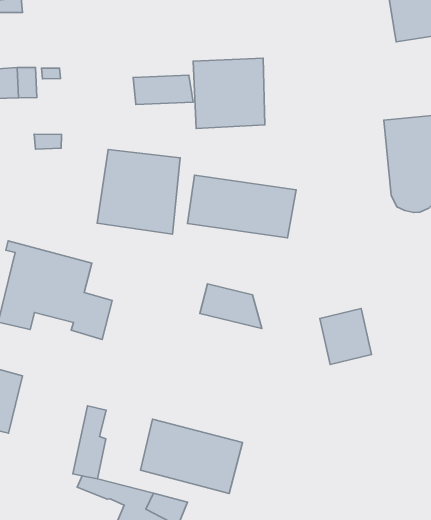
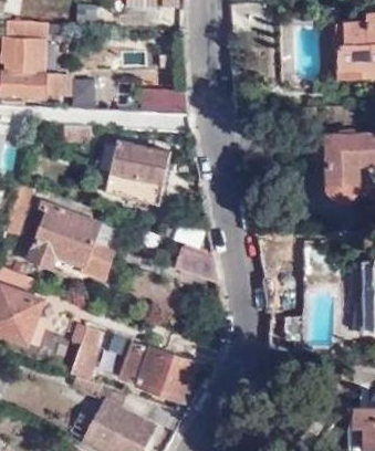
building: [193,58,265,129] -> none
building: [188,175,296,238] -> none

